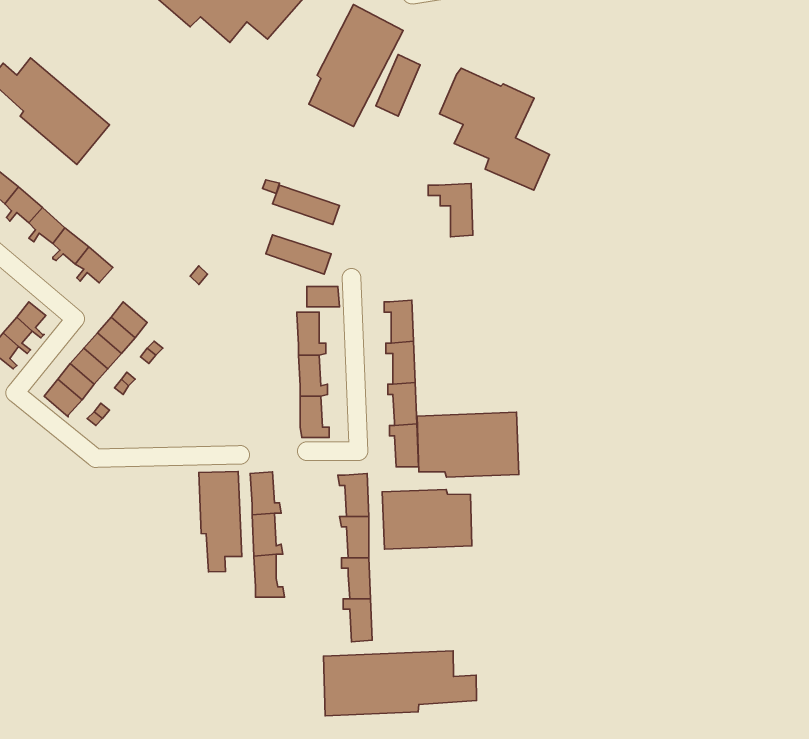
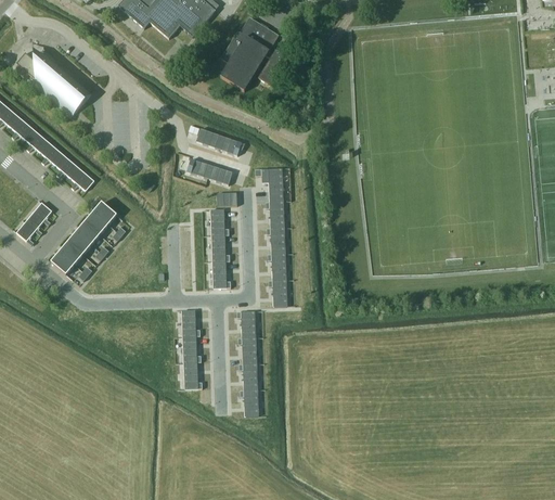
building: [440,68,550,190] -> none
building: [428,184,473,237] -> [255,168,283,202]
building: [417,412,519,477] -> none
building: [199,471,242,572] -> none
building: [382,490,472,549] -> none
building: [324,651,476,716] -> none

